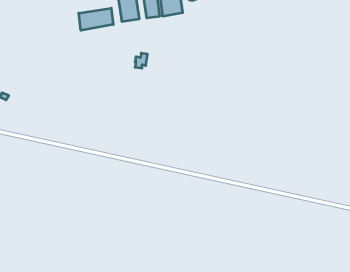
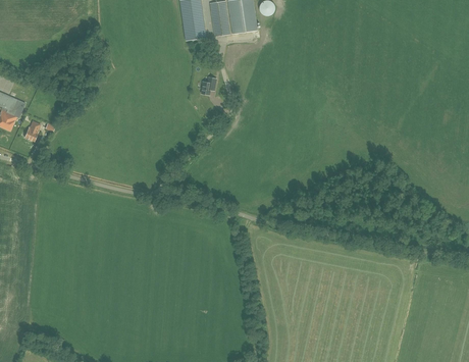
building: [79,8,113,30] -> none

